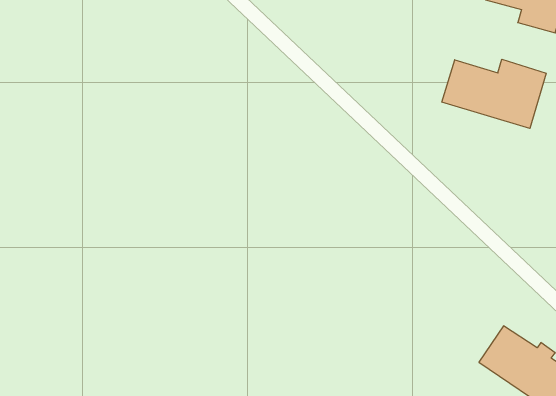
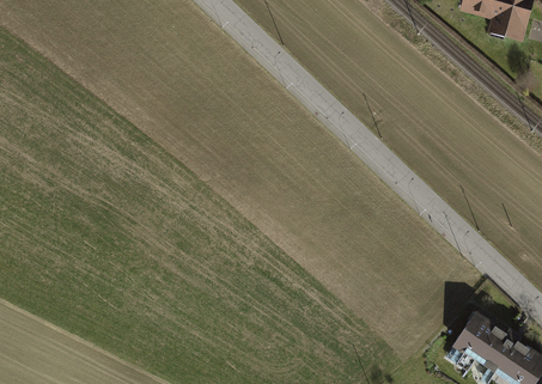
building: [442,59,546,128] -> none

